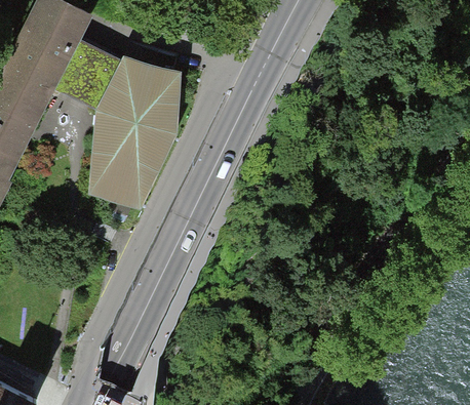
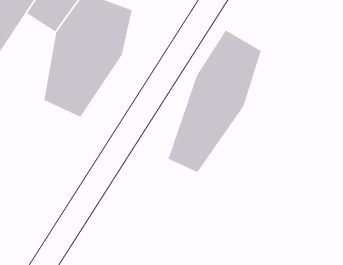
building: none -> [168,30,261,173]

